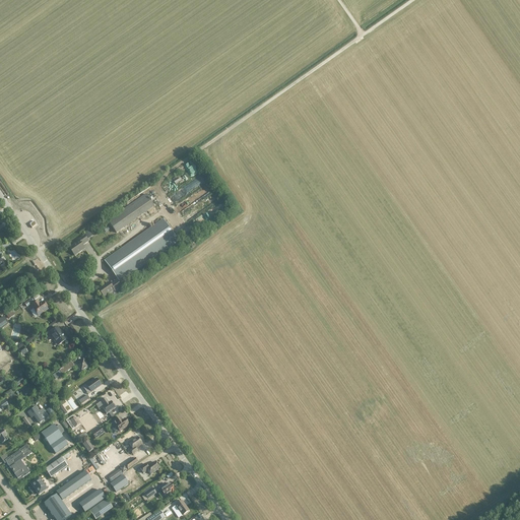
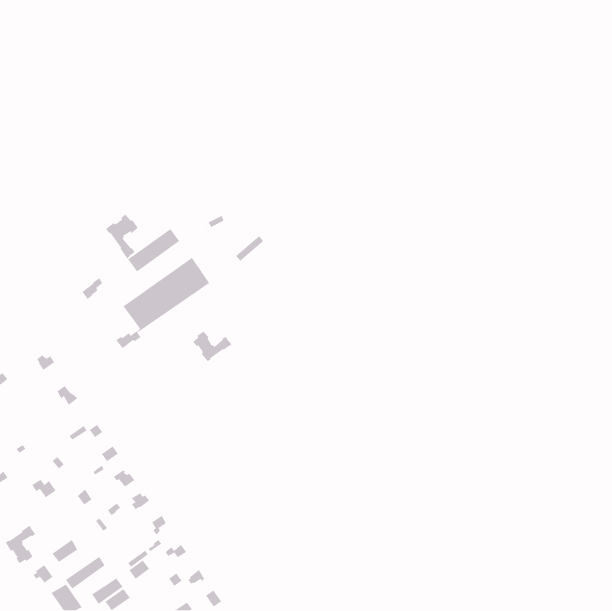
building: none -> [105,213,139,259]
building: none -> [192,331,233,362]
building: [41,424,67,452] -> none

